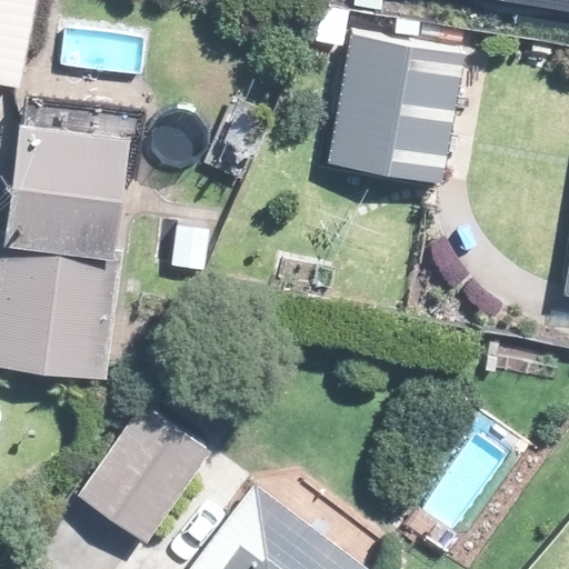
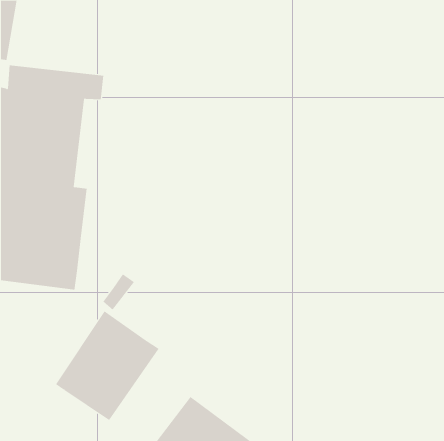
building: [341,42,482,190] -> none

